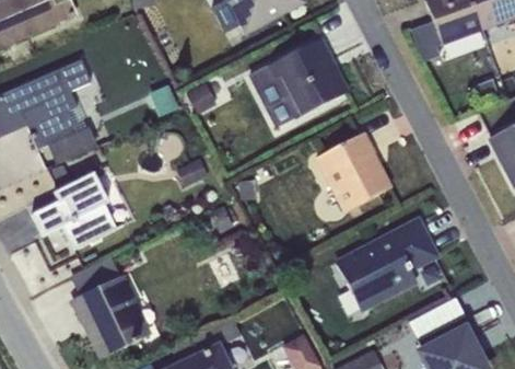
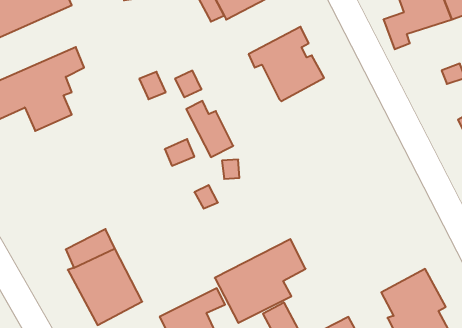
building: [249,66,300,126] -> [186,101,233,157]
building: [48,105,98,164] -> none
building: [315,130,391,211] -> none
building: [33,172,117,247] -> none
building: [337,221,434,311] -> [215,239,306,323]

